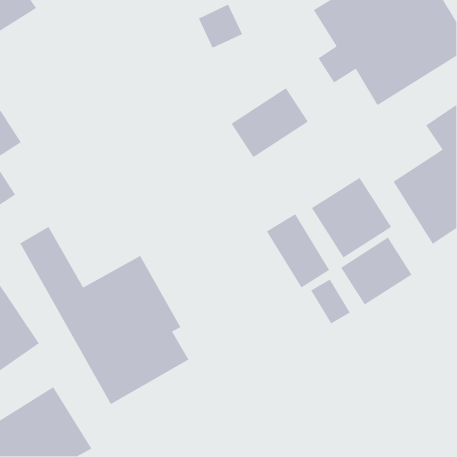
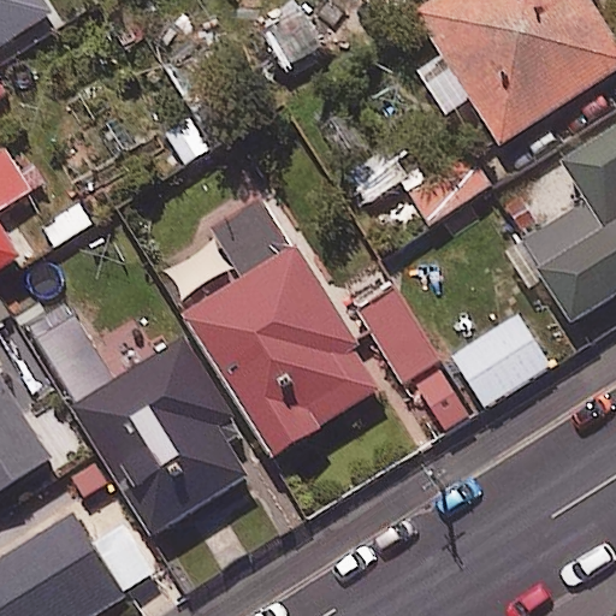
building: [231,87,309,158] -> none
building: none -> [184,195,386,458]
building: [311,177,392,258] -> none

